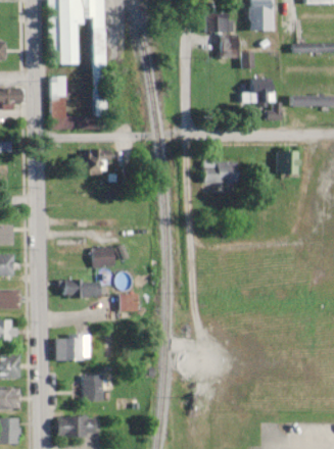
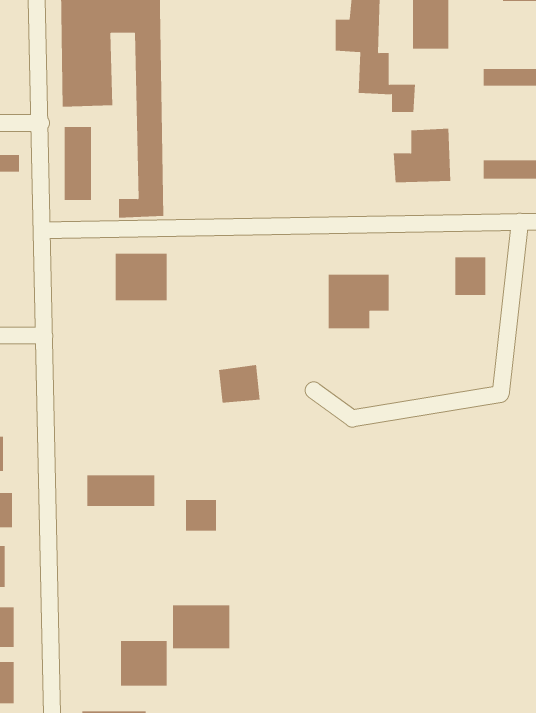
building: [92,246,116,268] -> [218,365,260,403]
building: [56,335,90,360] -> [172,605,230,649]

